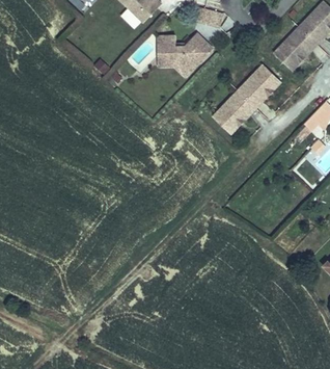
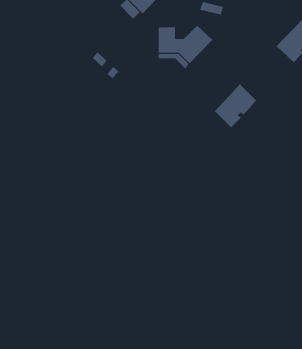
building: [238,64,280,107] -> none

